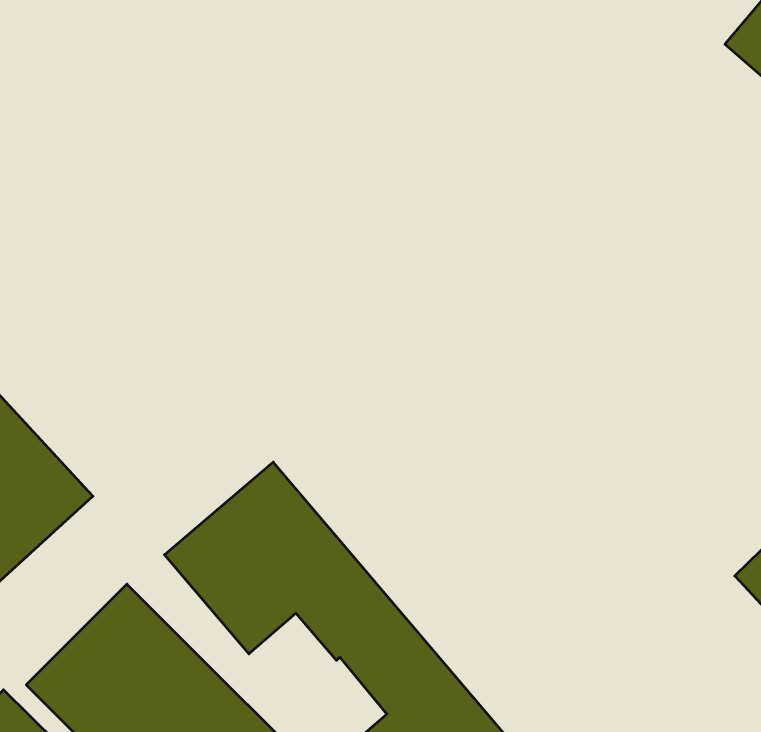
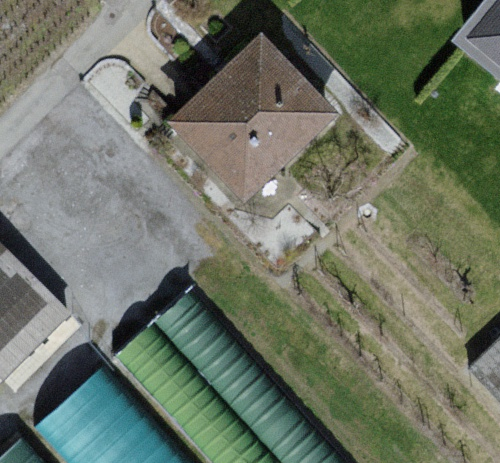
building: none -> [175,51,344,219]

